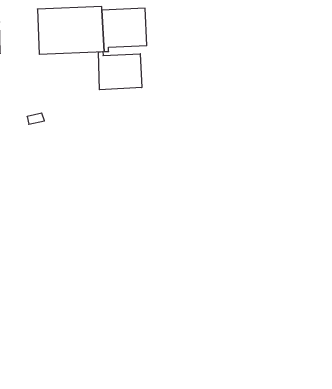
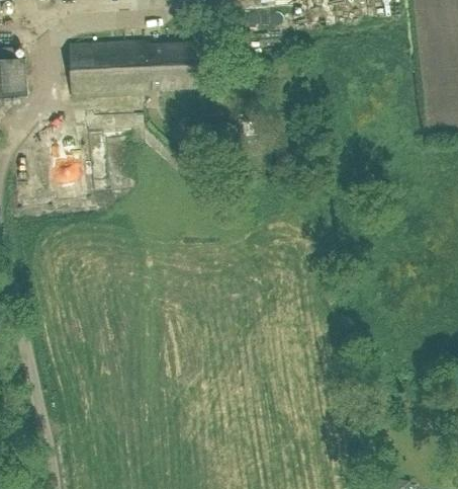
building: [98,52,142,90] -> none

